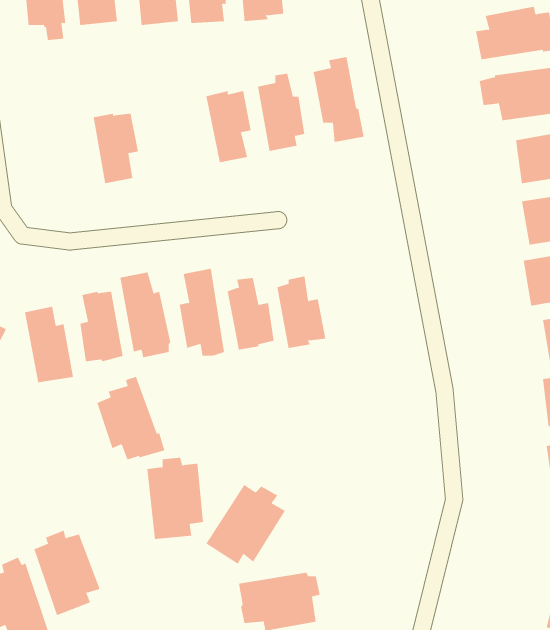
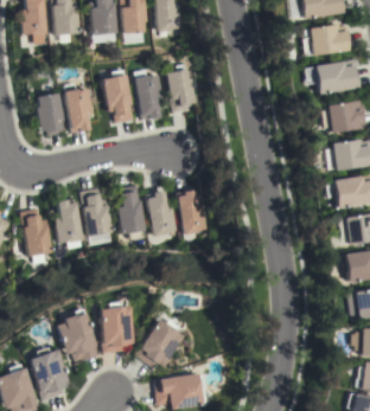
building: [313,56,365,142] -> [102,70,134,123]
building: none -> [36,92,65,136]
building: [96,376,165,460] -> [55,309,97,361]

